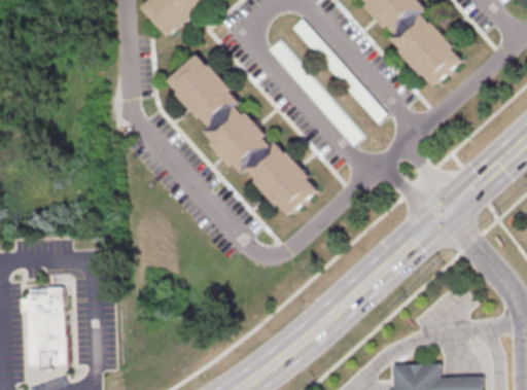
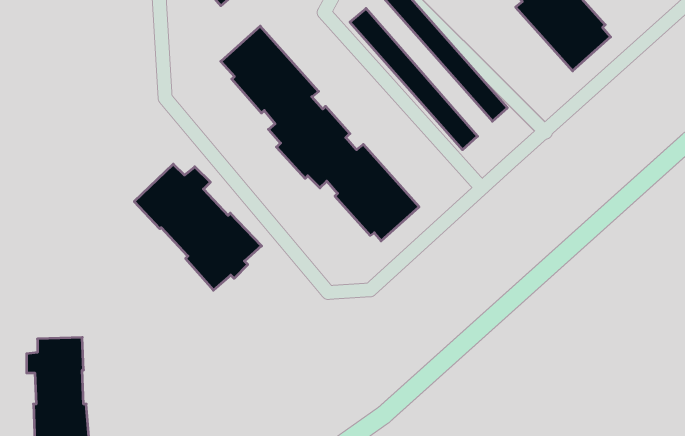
building: none -> [134,164,262,290]

